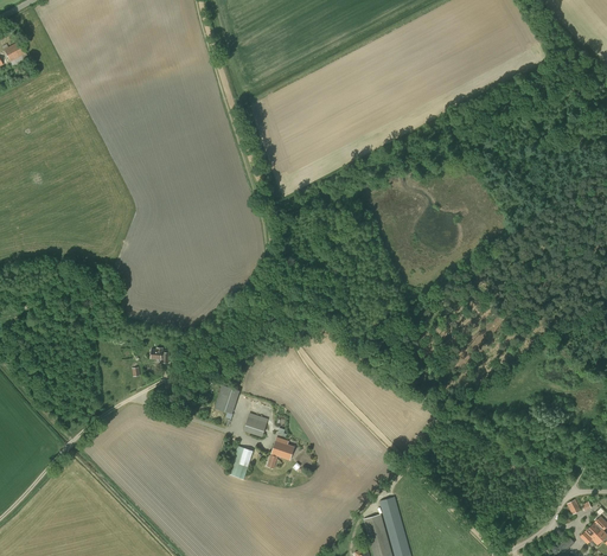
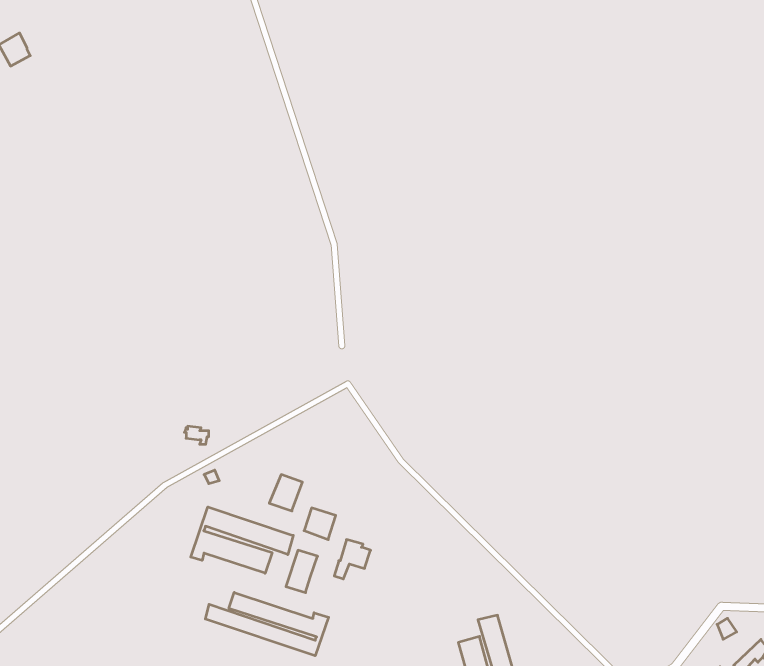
building: none -> [191,507,293,573]
building: none -> [205,592,329,656]

